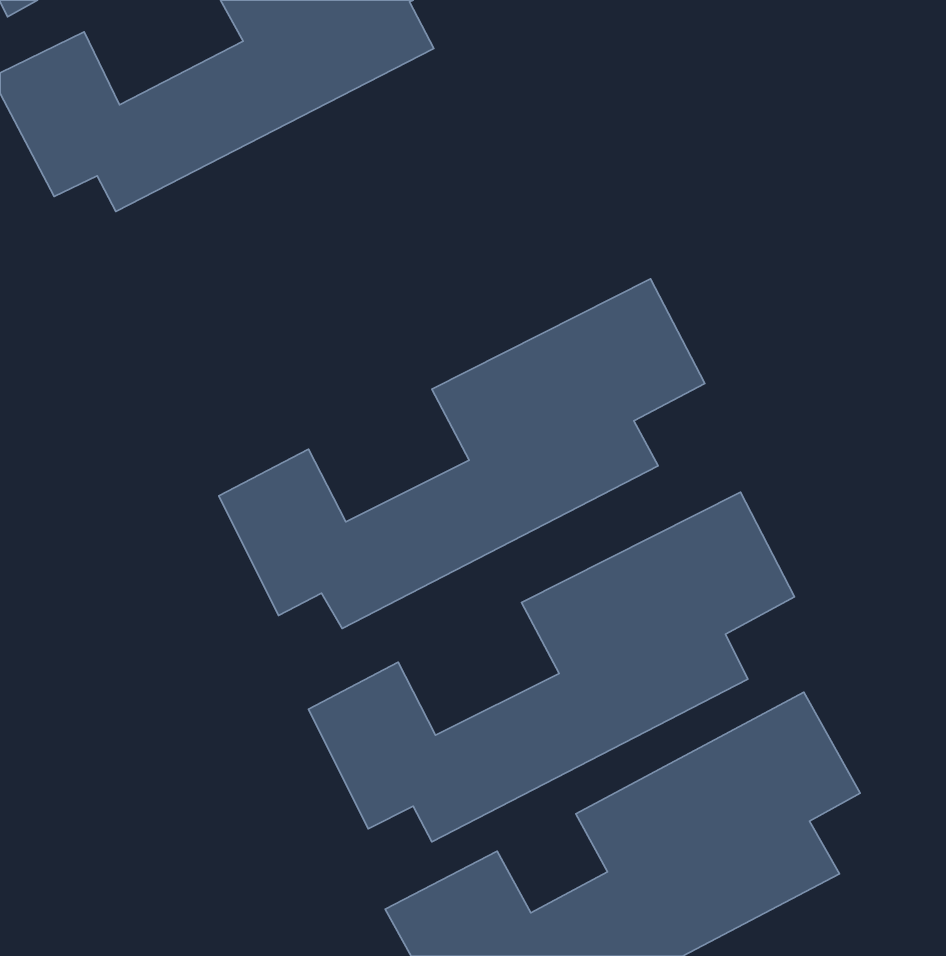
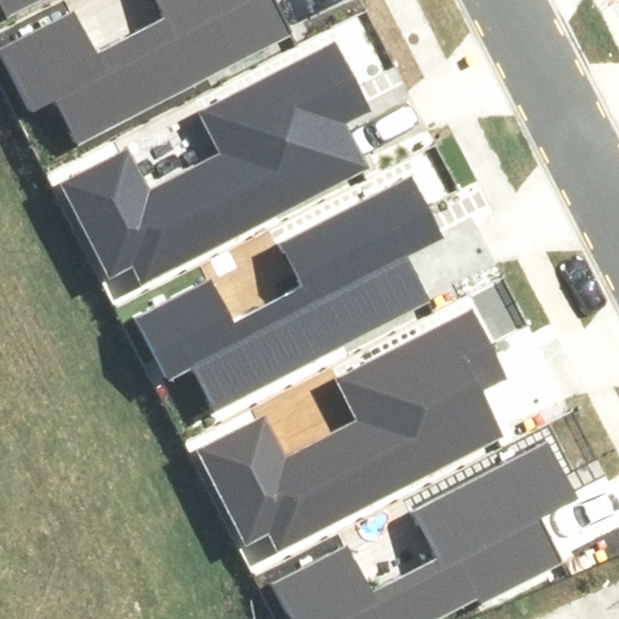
building: none -> [58,60,359,278]

